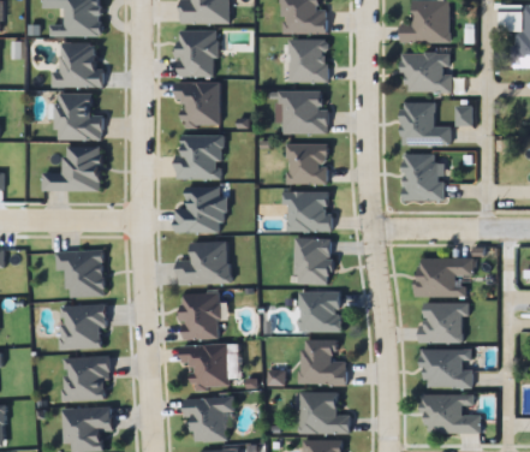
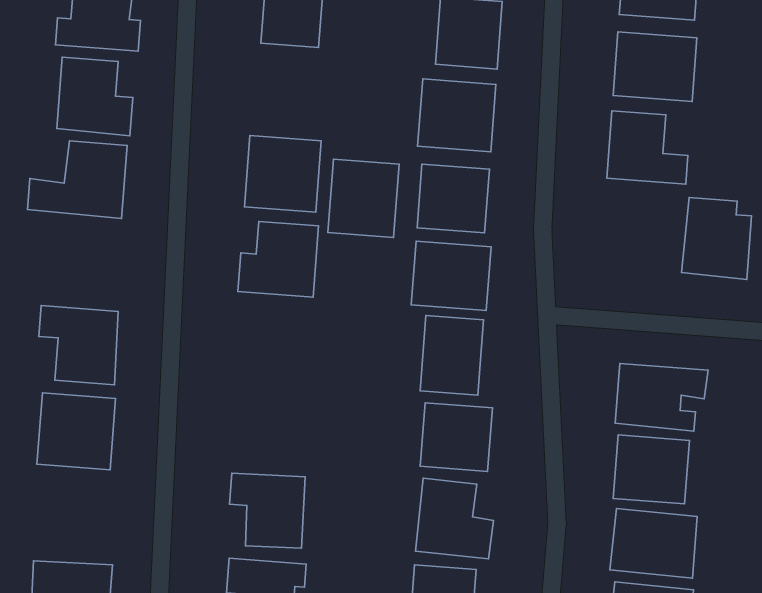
building: [179,83,220,129] -> [328,159,399,237]
building: [404,154,445,202] -> [681,198,752,280]
building: [178,242,230,285] -> none
building: [184,293,220,340] -> none
building: [64,357,109,402] -> none

